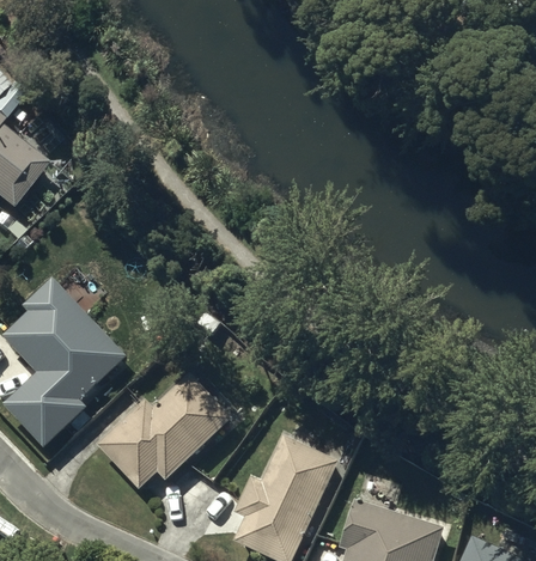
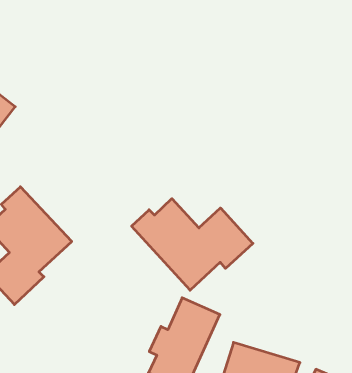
building: none -> [132,199,253,290]
building: [98,373,231,489] -> none

